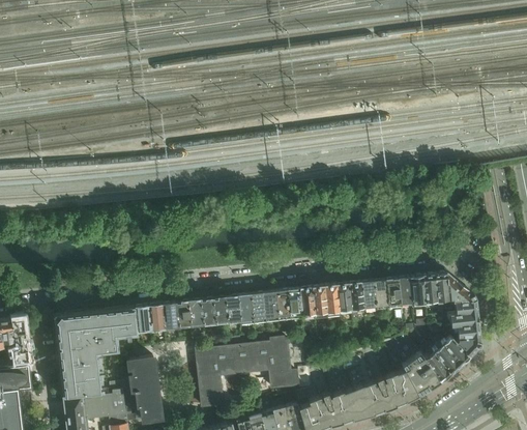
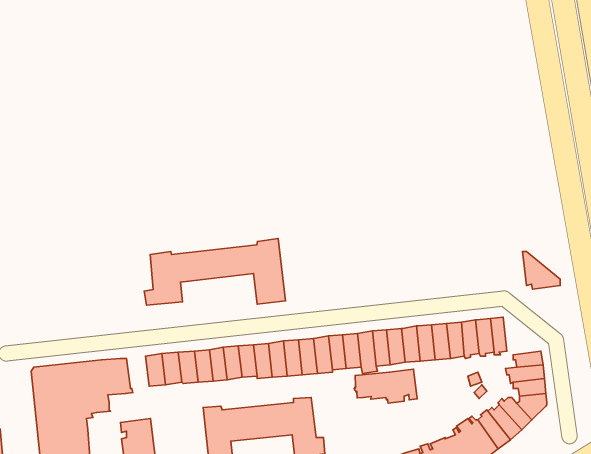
building: none -> [144,238,285,305]
building: [443,274,474,305] -> [523,252,560,289]
building: [133,306,151,333] -> none
building: none -> [354,369,417,403]

